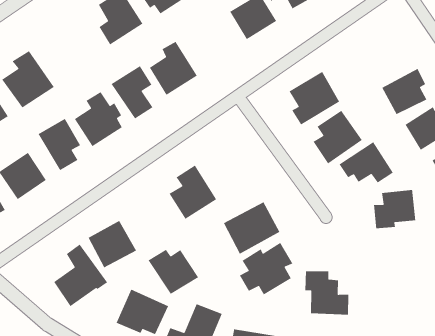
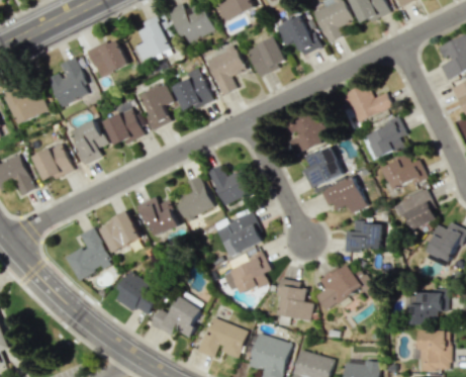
building: none -> [205,46,245,95]
building: none -> [86,38,127,78]
building: none -> [343,84,391,123]
building: none -> [206,165,248,206]
building: none -> [314,262,363,311]
building: [147,249,199,295] -> [137,197,179,237]

